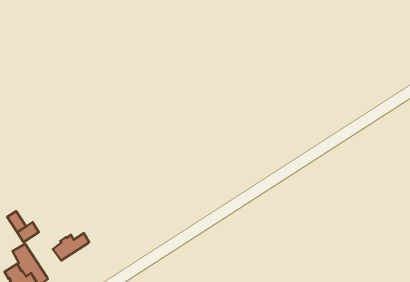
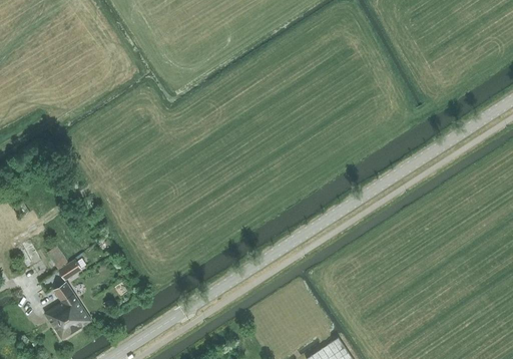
building: [53,233,89,261] -> none

